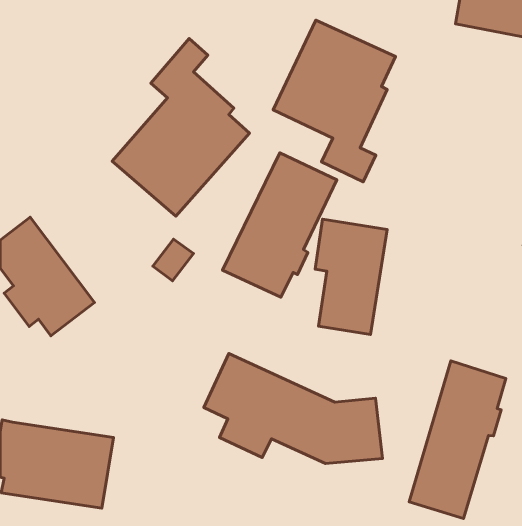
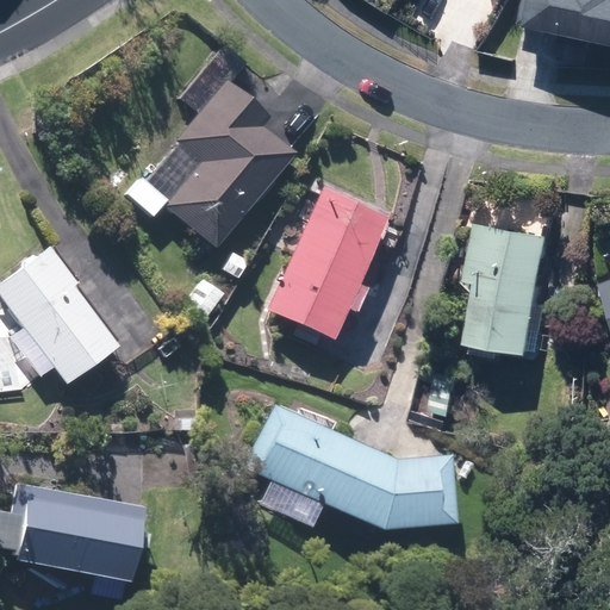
building: [273,20,395,182] -> none
building: [315,219,387,334] -> [475,220,558,353]
building: [409,361,506,518] -> none

